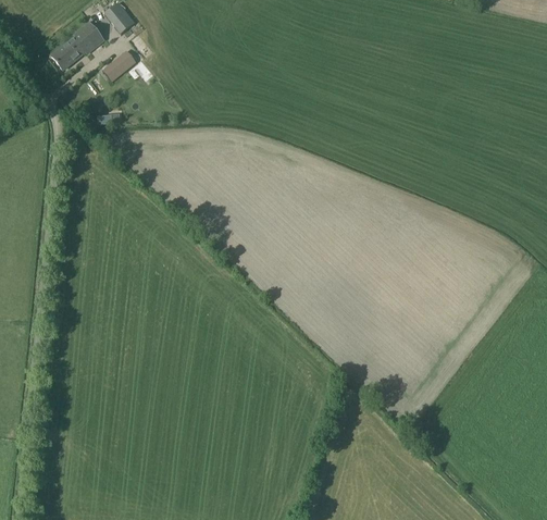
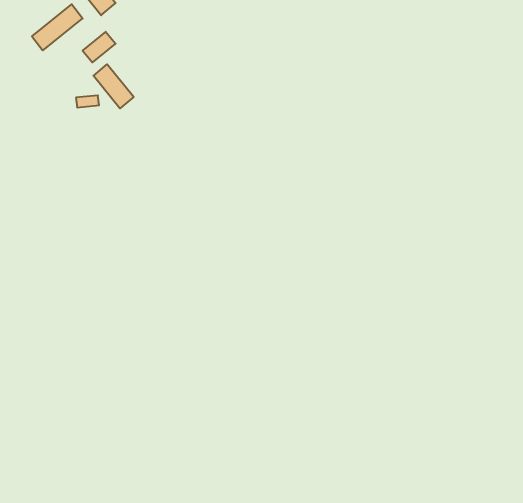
building: none -> [93,64,134,108]

